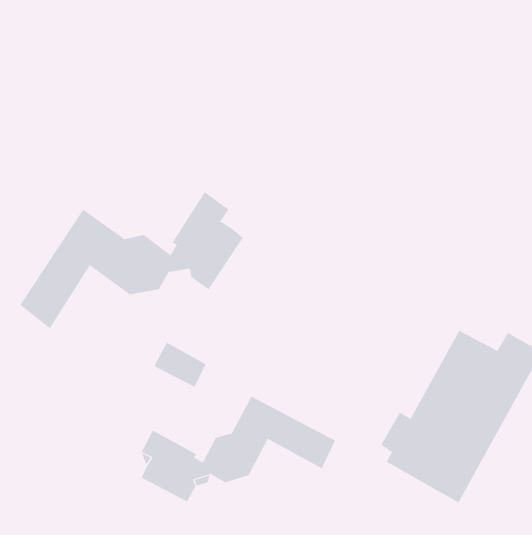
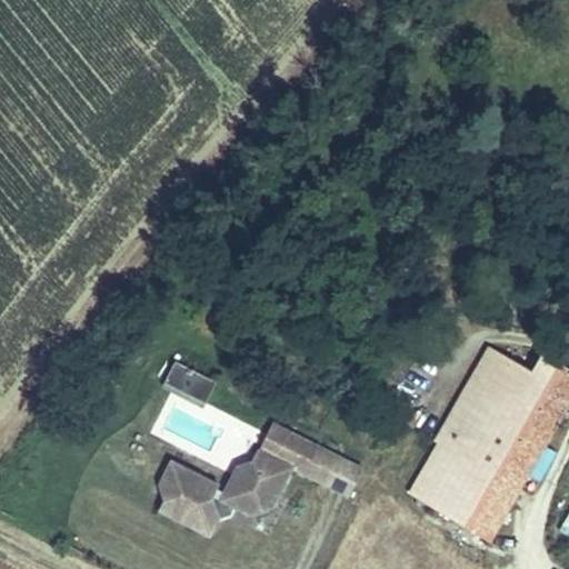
building: [20,191,243,329] -> none

